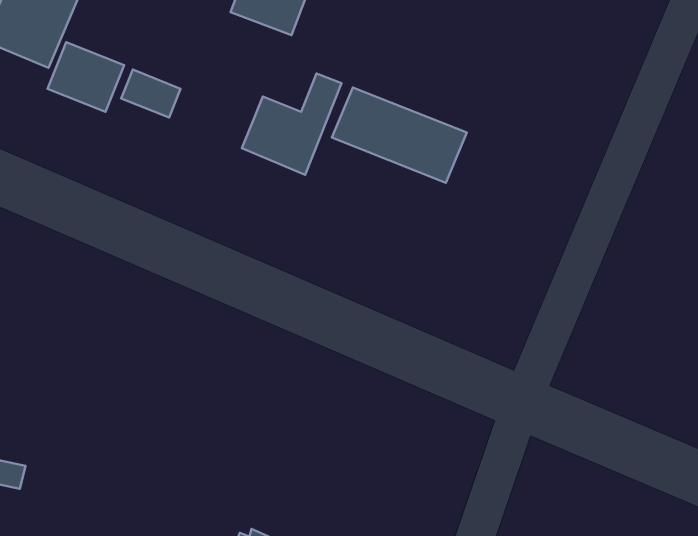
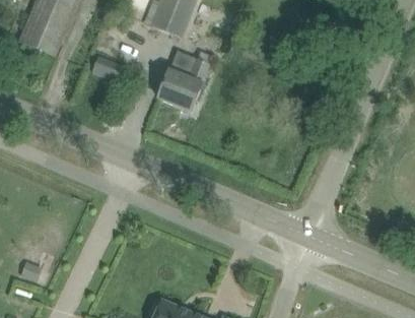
building: [48,42,124,112] -> none
building: [332,87,467,183] -> none

